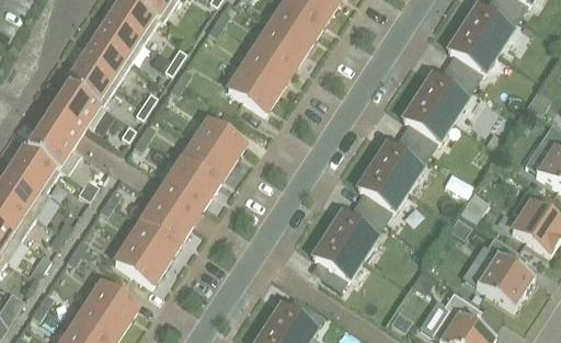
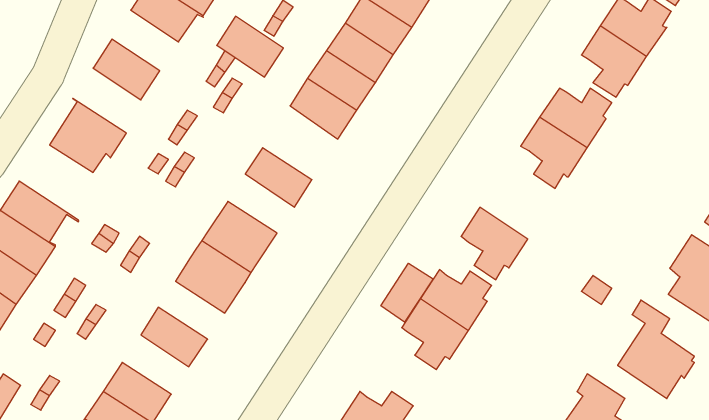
building: [93,14,144,60] -> [217,16,283,77]
building: [64,58,115,107] -> none
building: [23,116,80,173] -> none
building: [181,138,231,183] -> none
building: [371,142,426,187] -> none
building: none -> [381,263,433,322]
building: [128,219,179,263] -> none

